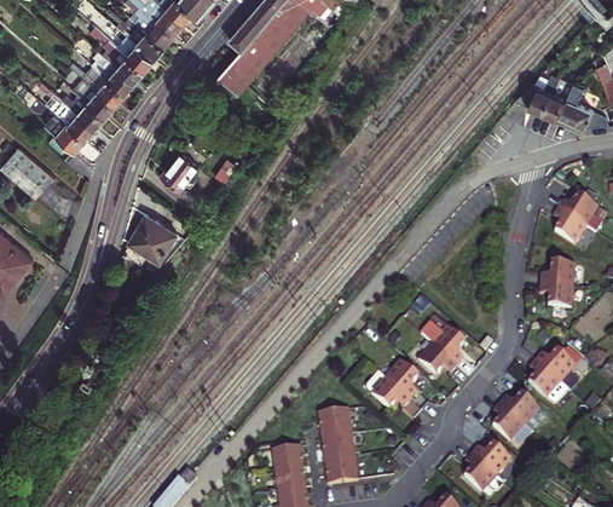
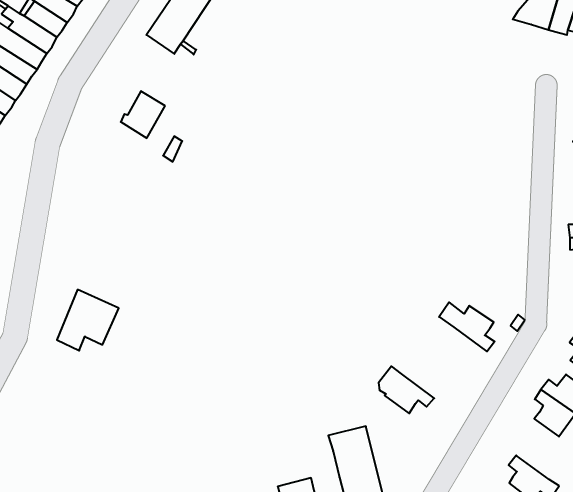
building: [160,152,197,191] -> [121,91,165,138]
building: [123,215,177,265] -> [57,290,119,351]
building: [421,345,459,378] -> none
building: [388,361,421,401] -> none
building: [473,445,511,478] -> none

